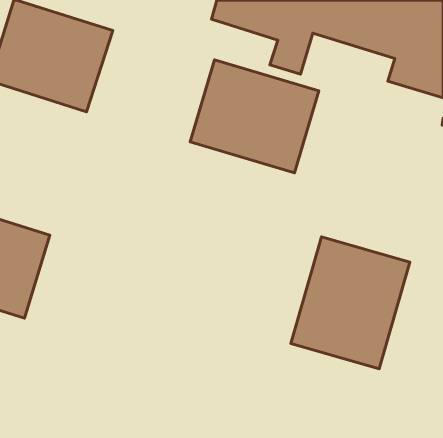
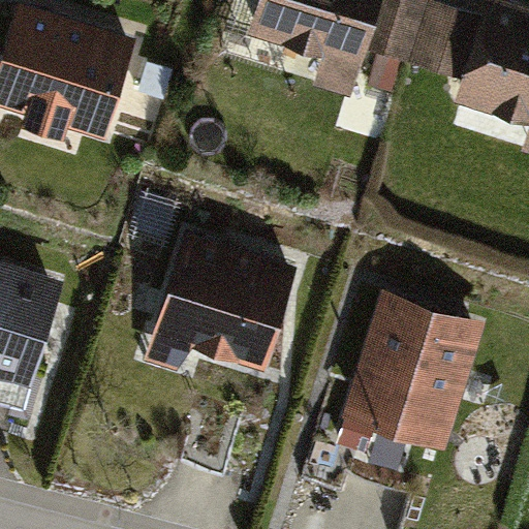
building: [190,60,319,173] -> none
building: none -> [141,236,298,375]

